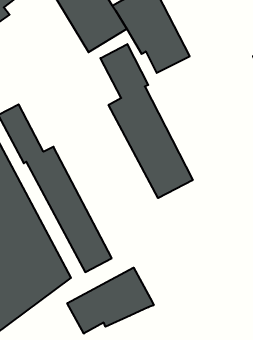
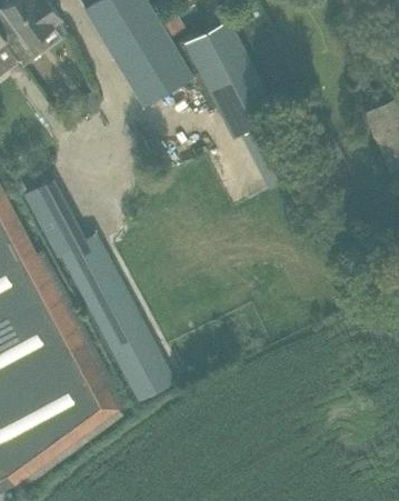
building: [100,44,193,198] -> none
building: [67,268,154,334] -> none

